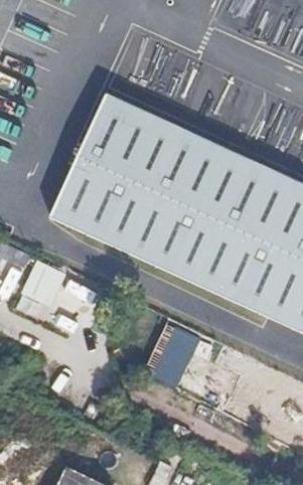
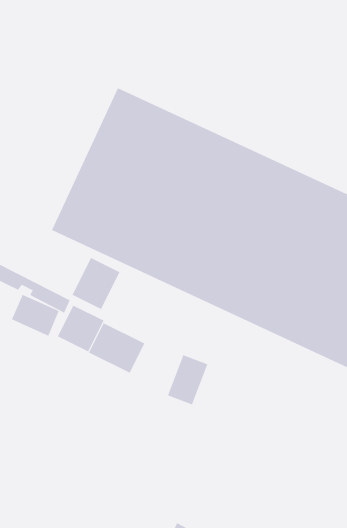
building: none -> [72,257,120,310]
building: none -> [88,322,145,374]

